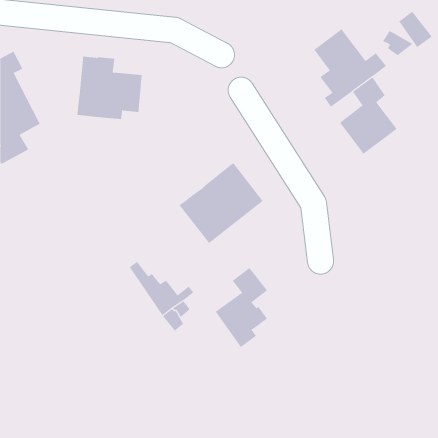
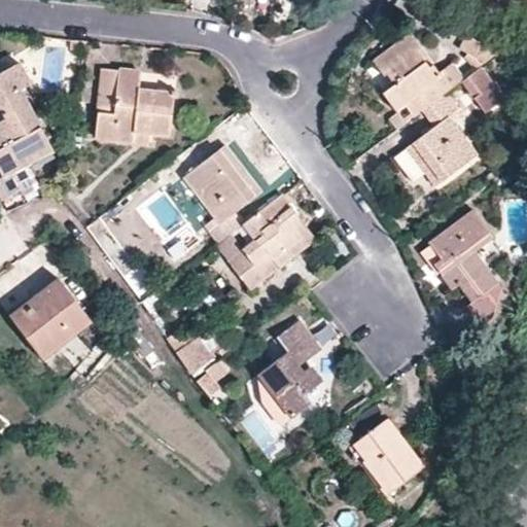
building: [398,11,432,48] -> [463,67,504,111]
building: none -> [183,144,261,243]
building: none -> [418,211,502,326]
building: none -> [10,279,89,357]
building: none -> [354,420,422,493]

